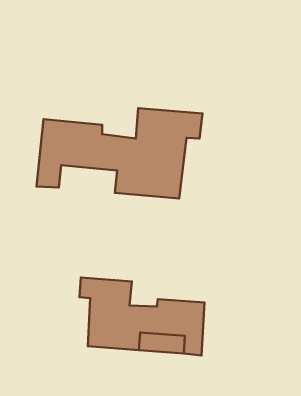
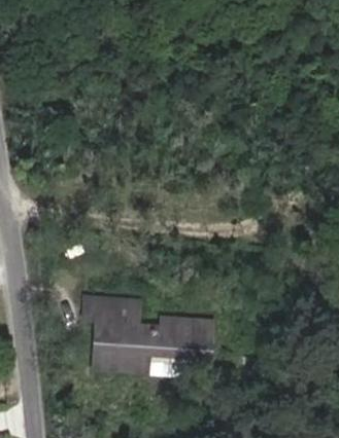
building: [36,108,202,198] -> none

